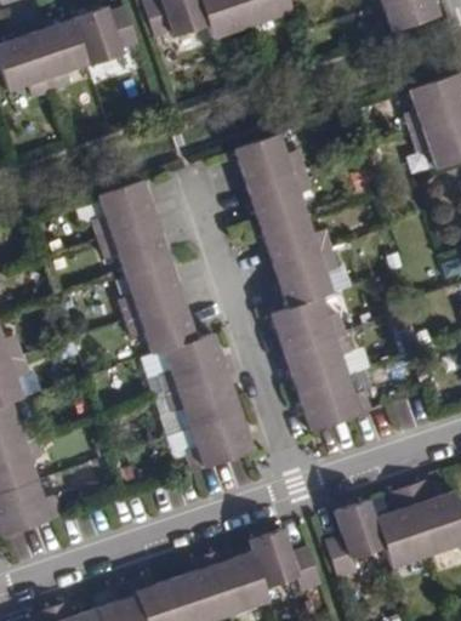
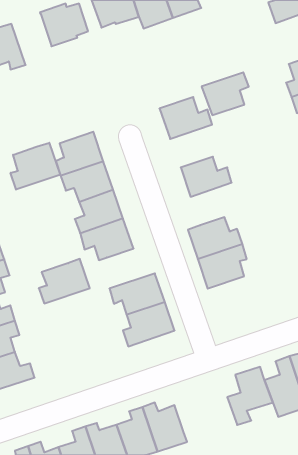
building: [32,19,86,89] -> none
building: [247,170,312,228] -> [202,72,249,115]
building: none -> [11,143,60,190]
building: [275,249,338,307] -> none
building: [158,332,227,393] -> [39,259,90,303]
building: [298,376,372,431] -> none
building: [250,529,321,591] -> none

